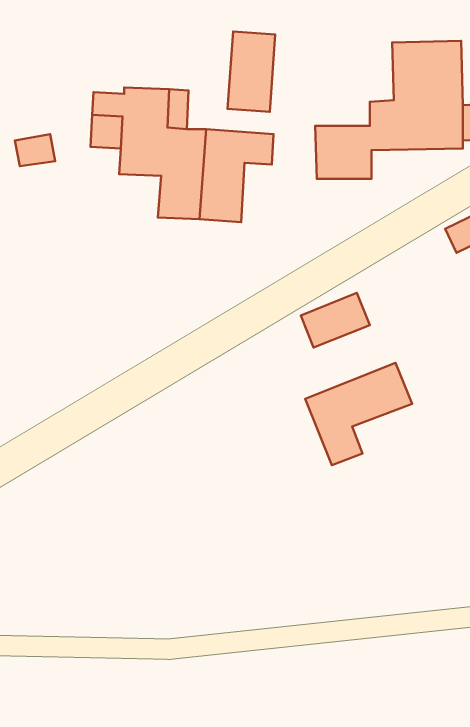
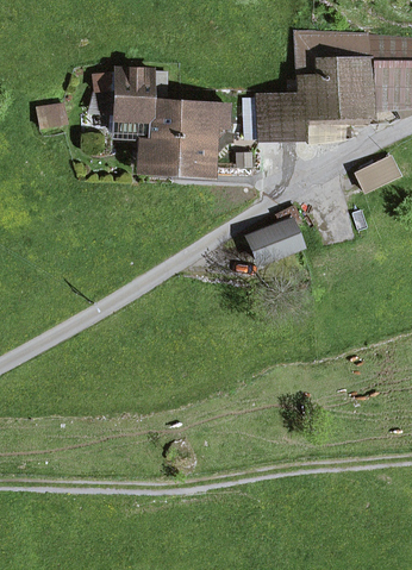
building: [228,32,275,112] -> none
building: [305,363,412,465] -> none

